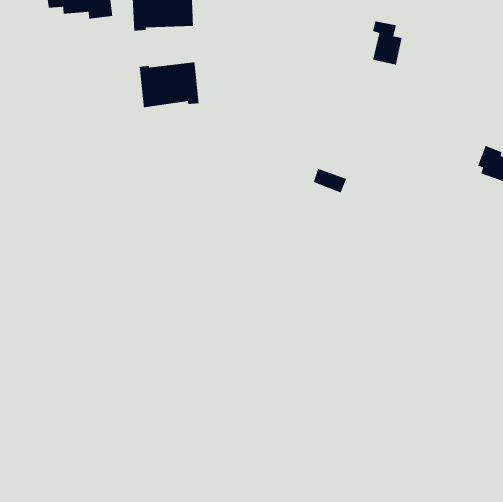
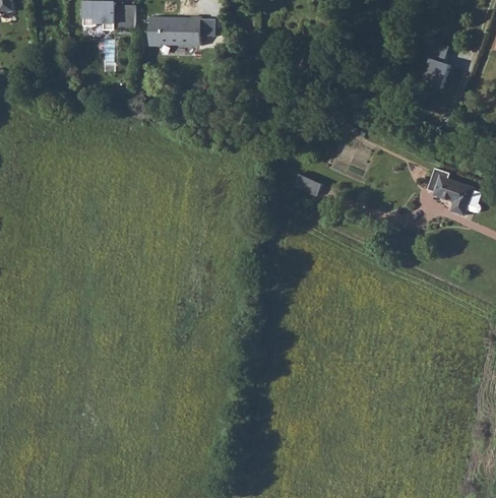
building: [372,21,403,65] -> [420,48,447,87]
building: [139,62,200,108] -> none

